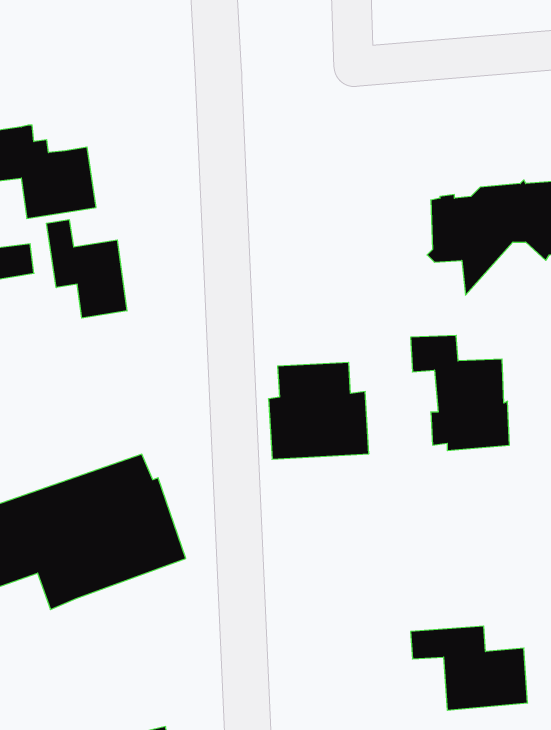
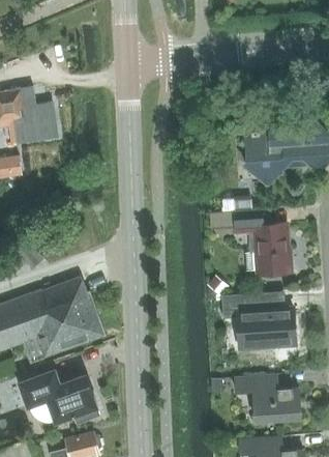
building: [46,220,127,318] -> none
building: [268,362,369,459] -> [237,291,294,346]
building: none -> [19,370,99,424]

